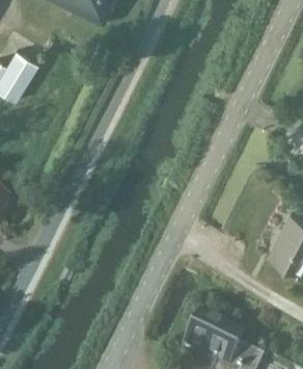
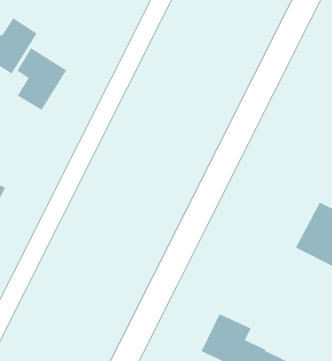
building: none -> [16,47,67,111]

